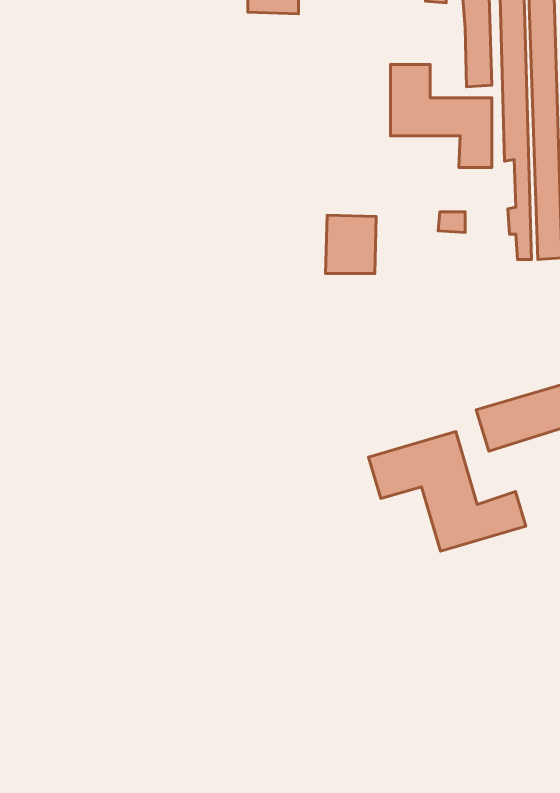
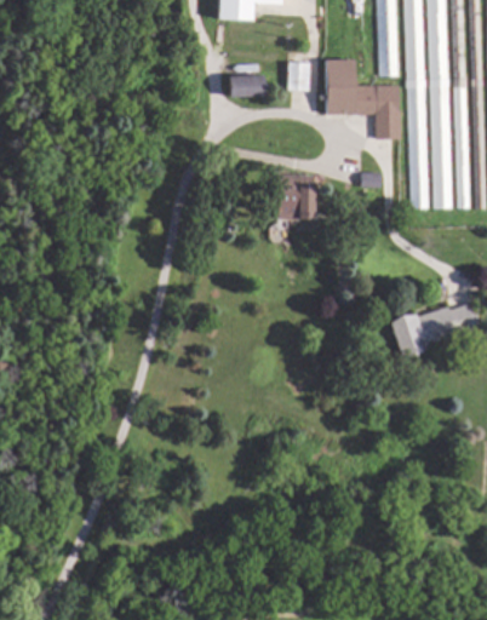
building: none -> [287,62,310,91]
building: none -> [225,75,262,97]
building: [369,432,526,551] -> none

